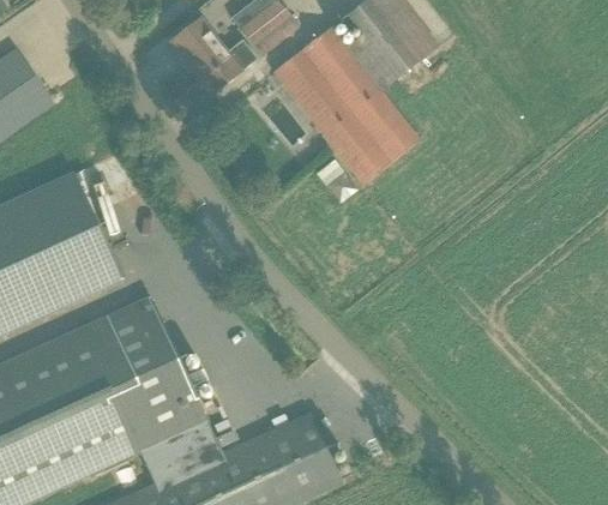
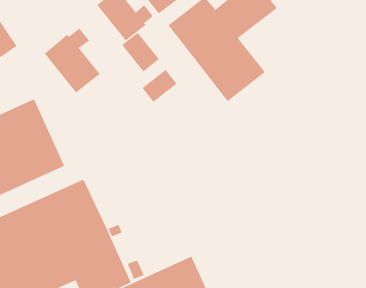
building: none -> [44,27,101,94]
building: none -> [121,32,160,72]
building: none -> [141,69,178,103]

